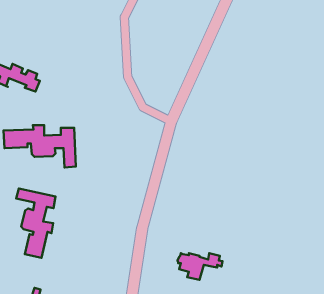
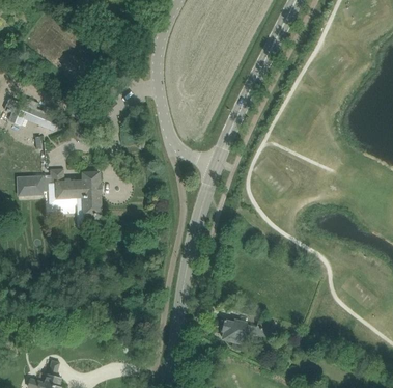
building: [16,189,56,258] -> none

